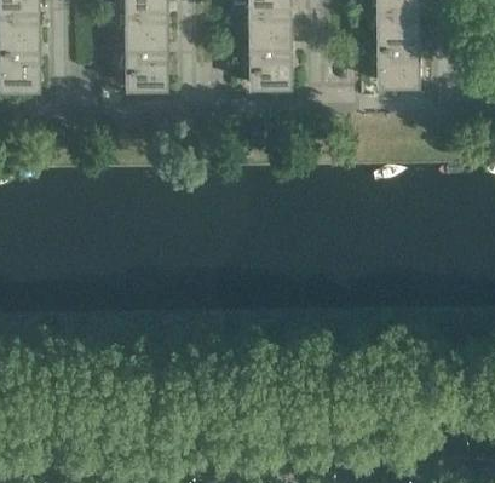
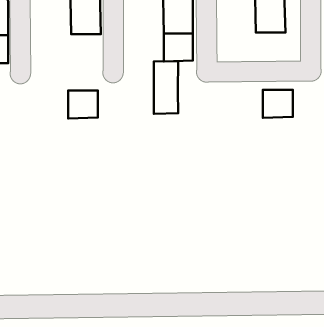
building: [379,54,420,93] -> [263,90,293,118]
building: [123,57,165,96] -> [68,90,98,118]
building: none -> [154,61,178,114]

